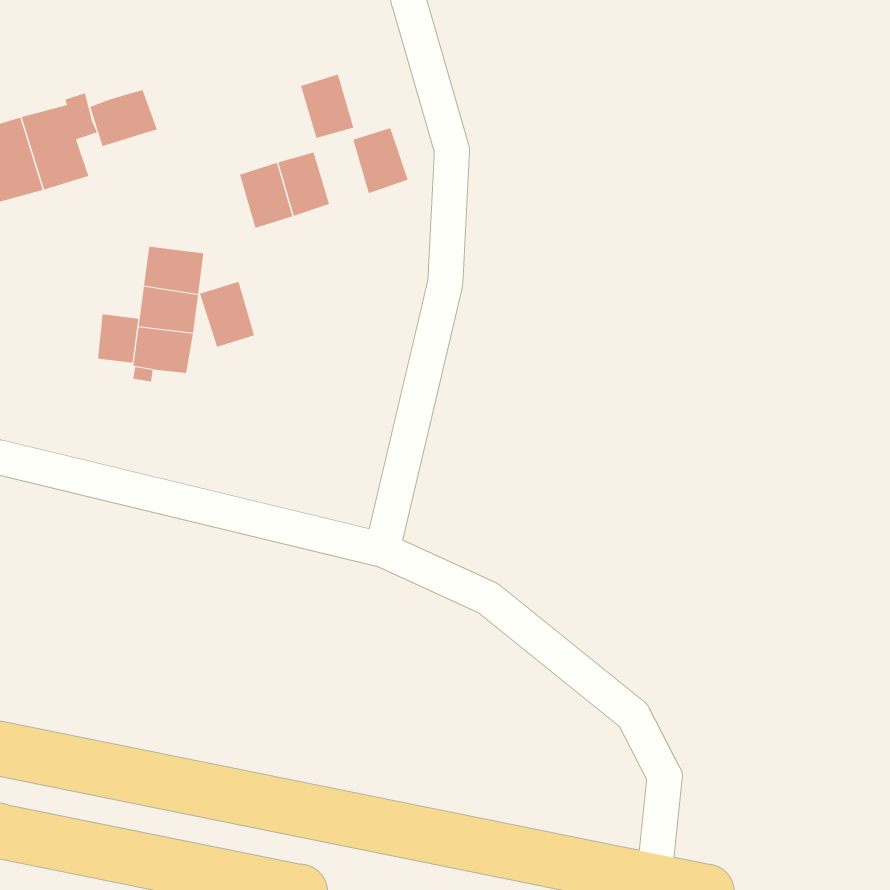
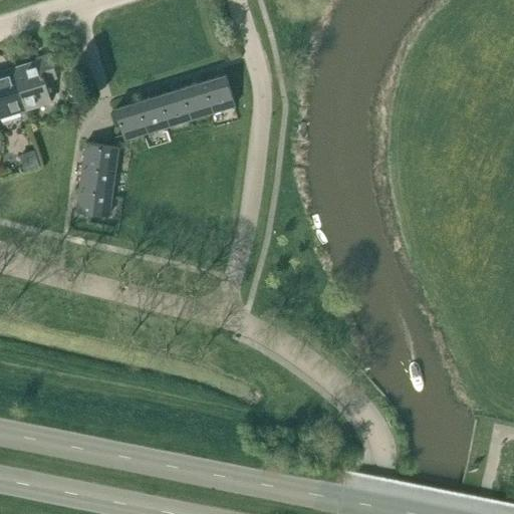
building: [300,74,354,138] -> [181,81,212,118]
building: [89,89,158,147] -> none
building: [199,281,255,348] -> [114,101,147,140]
building: [98,313,139,363] -> none

